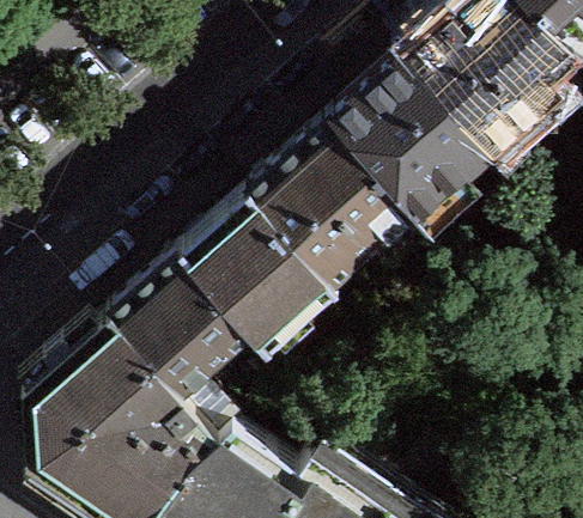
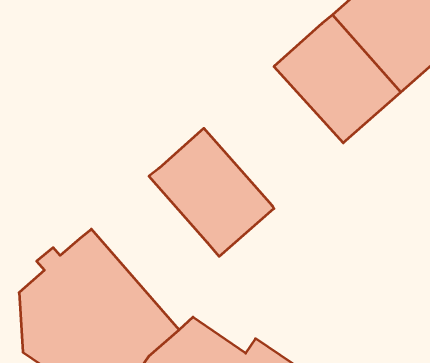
building: [260,116,431,286] -> none
building: [121,250,265,438] -> none

